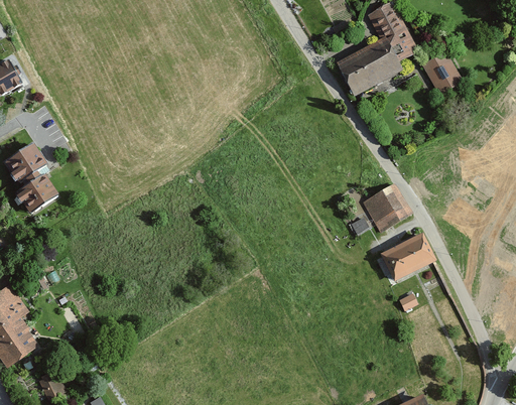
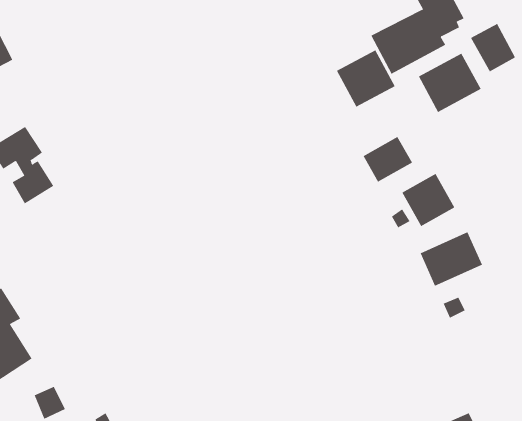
building: none -> [336,49,395,108]
building: none -> [418,53,482,113]
building: none -> [363,136,413,183]

